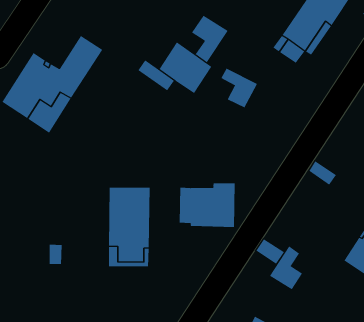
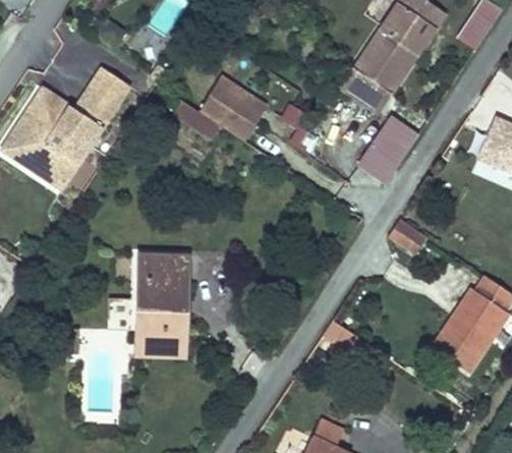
building: [191,15,228,63] -> none
building: none -> [354,114,417,185]
building: [179,183,235,228] -> none
building: [269,246,303,290] -> none

